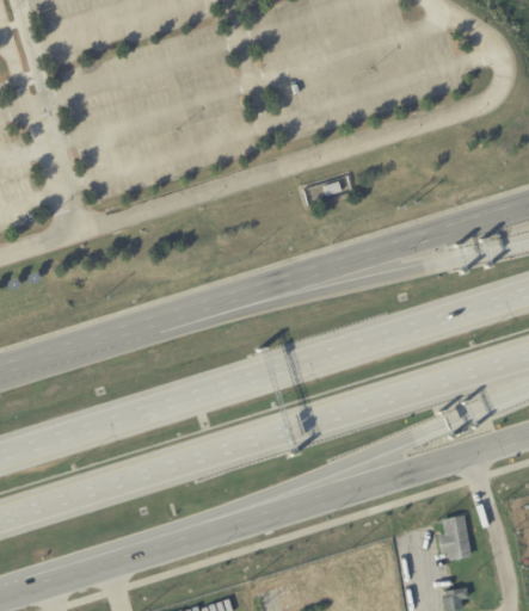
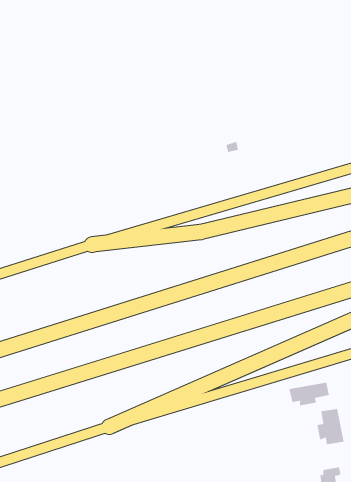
building: none -> [289,382,329,406]

